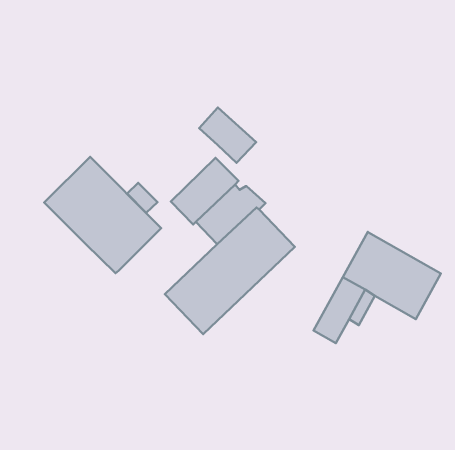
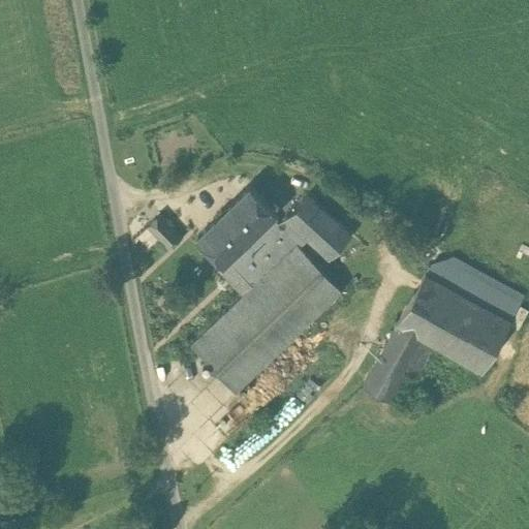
building: [199,108,256,163] -> [286,198,352,262]
building: [44,157,161,273] -> none
building: none -> [428,262,523,323]

